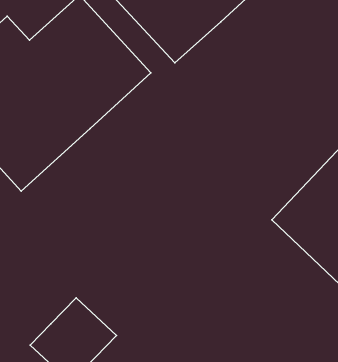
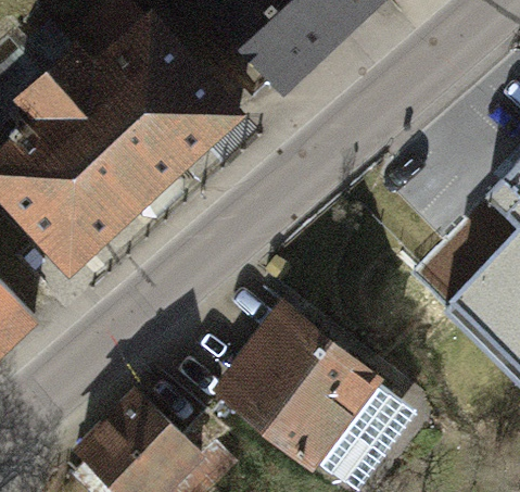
building: none -> [233,314,410,480]

